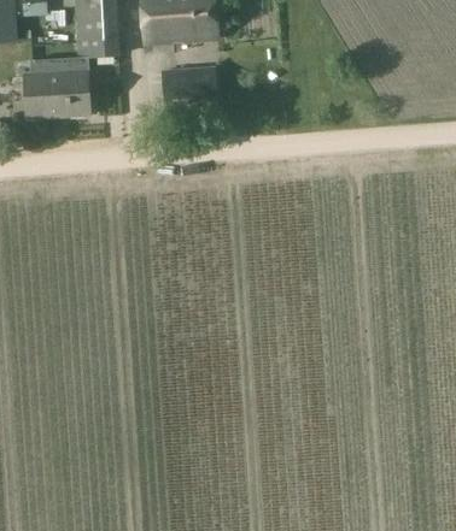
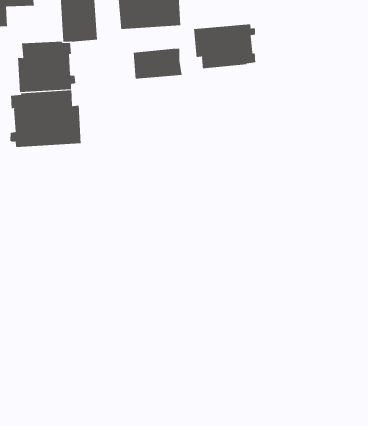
building: none -> [193,24,256,69]
building: none -> [10,89,81,148]

